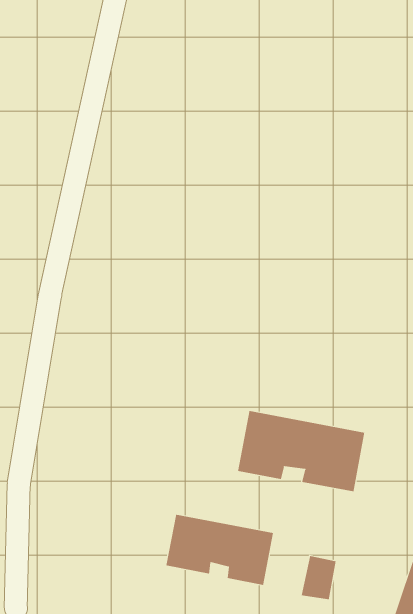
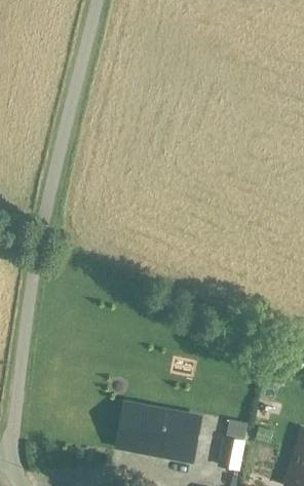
building: [237,410,365,492] -> none

